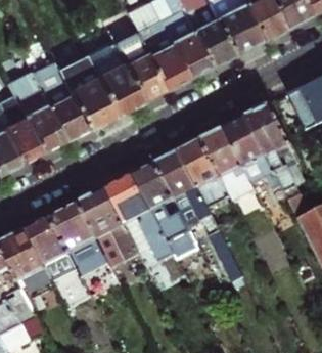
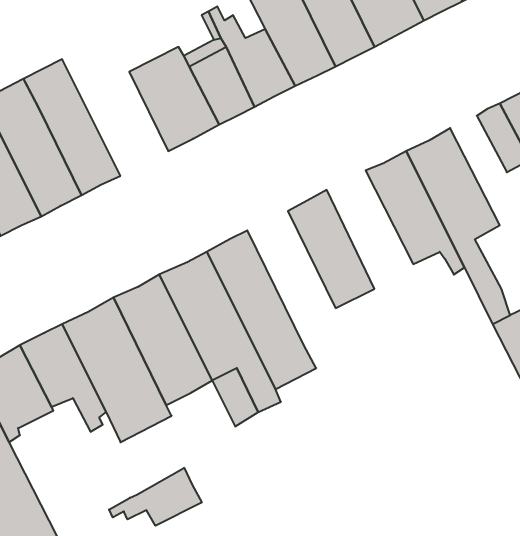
building: [58,70,109,130] -> none
building: [201,127,256,202] -> none
building: [155,150,243,284] -> none
building: none -> [109,468,202,526]

